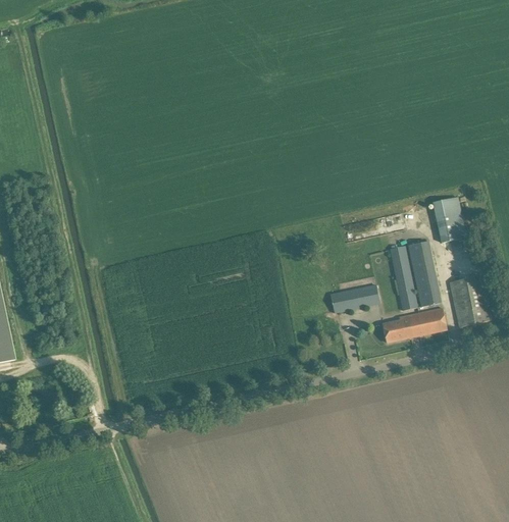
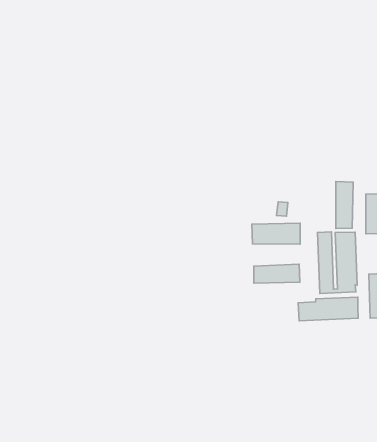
building: none -> [336,182,353,229]
building: none -> [252,223,300,244]

